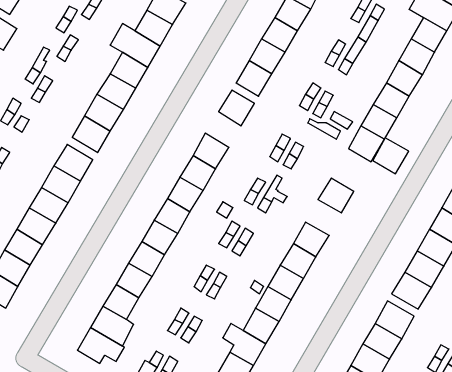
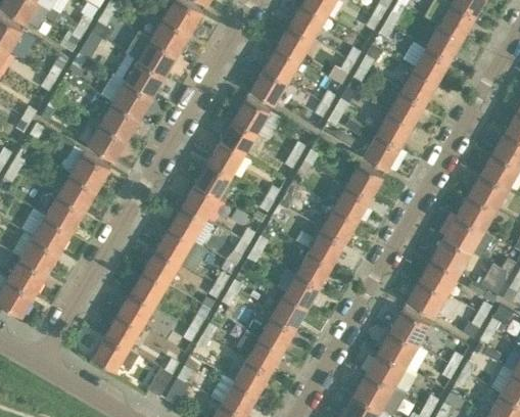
building: none -> [221,120,256,155]
building: [373,138,409,174] -> [346,164,382,199]
building: none -> [314,204,357,243]

